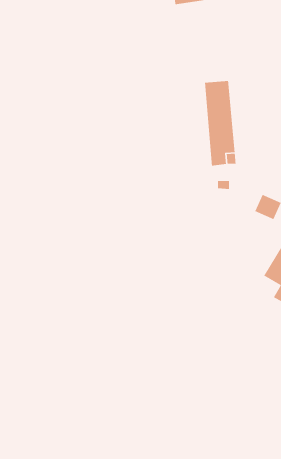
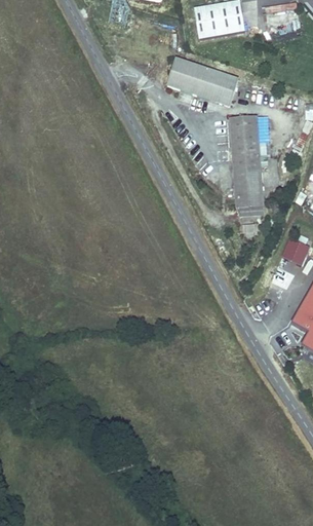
building: none -> [167,59,238,105]

